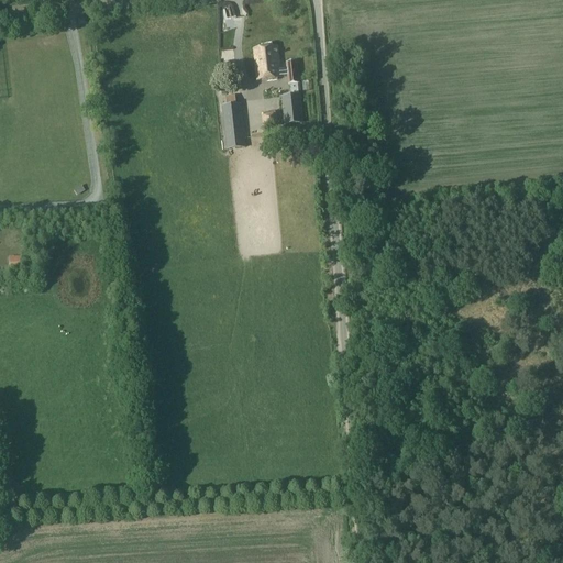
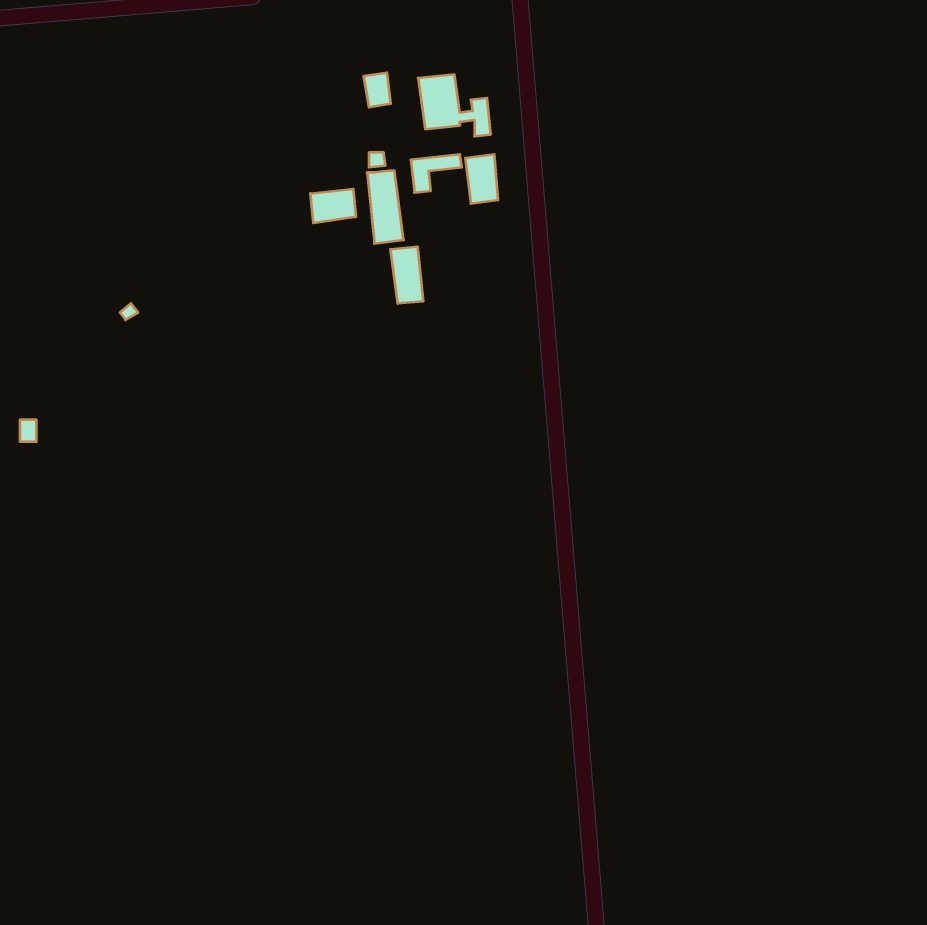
building: none -> [310,189,356,223]
building: none -> [390,247,423,304]

